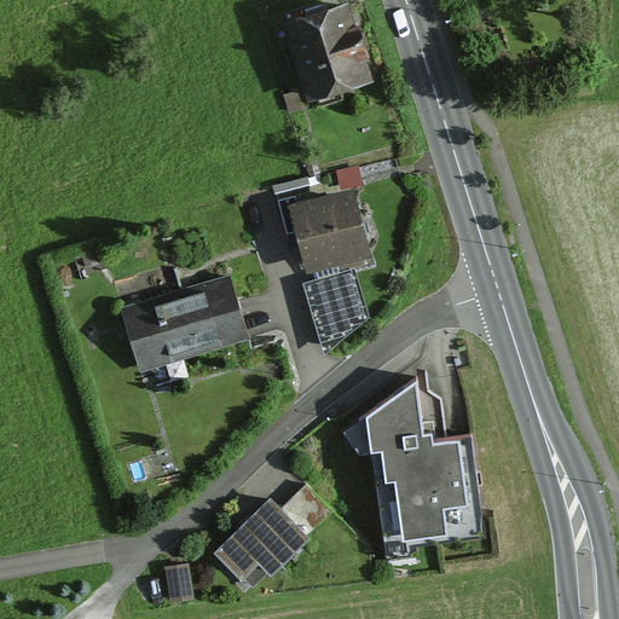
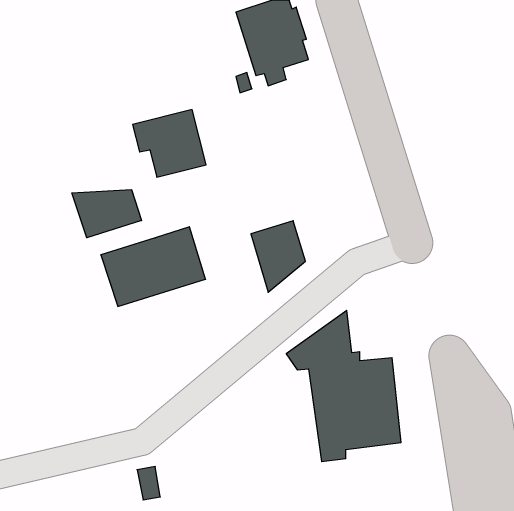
building: [278,186,366,267] -> [133,110,206,177]
building: none -> [72,190,142,238]
building: [216,485,330,578] -> none

